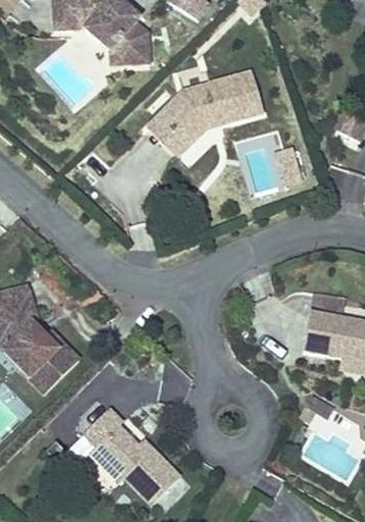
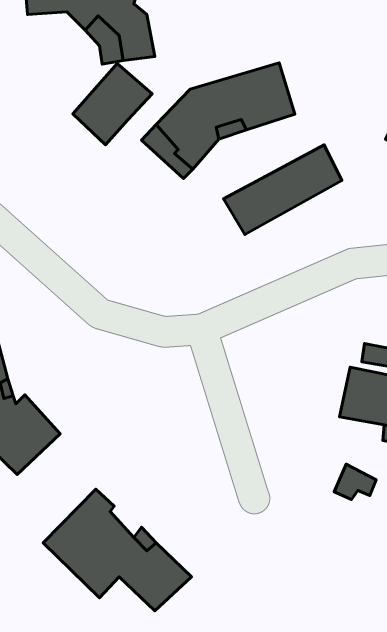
building: none -> [73,63,152,145]
building: none -> [223,145,342,235]

